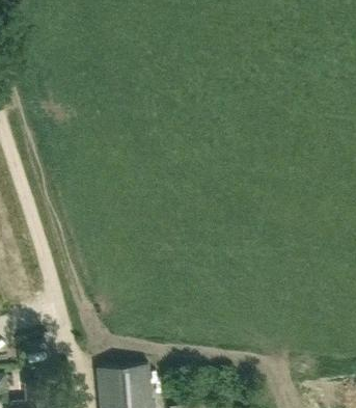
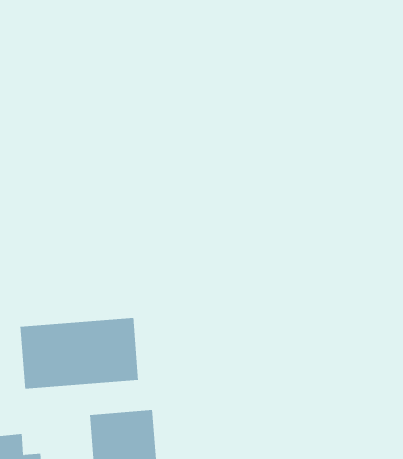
building: none -> [20,317,139,390]

